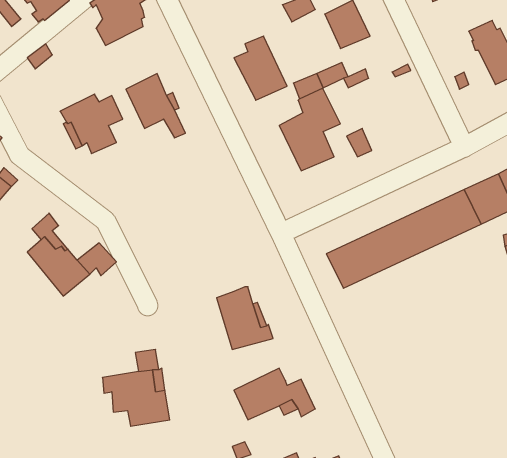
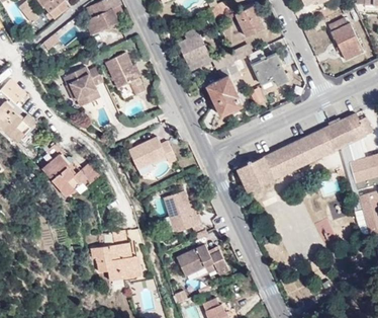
building: none -> [251,53,288,85]
building: none -> [129,138,176,169]

